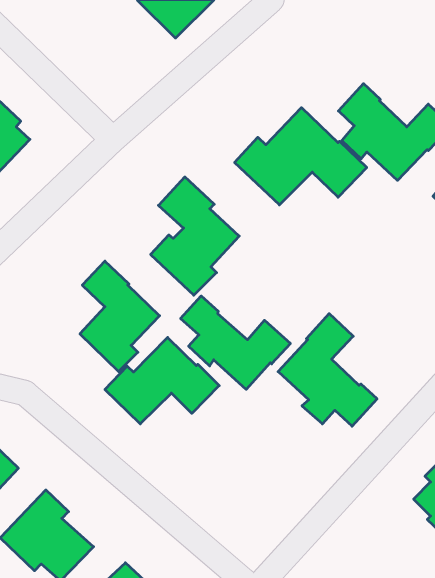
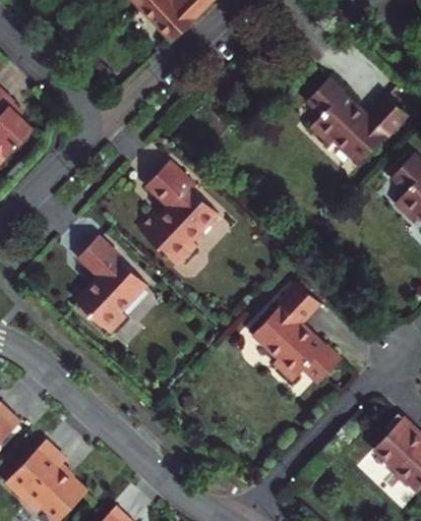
building: [235,108,367,205] -> none
building: [181,296,290,389] -> none
building: [105,337,219,424] -> none

